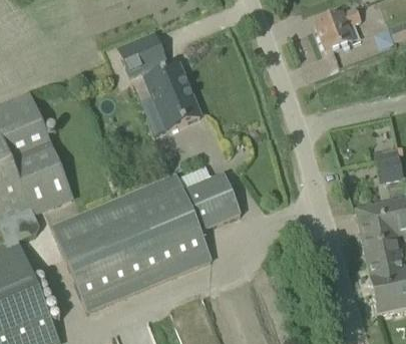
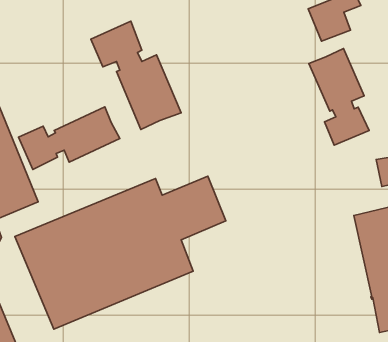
building: none -> [309,48,369,145]
building: none -> [18,107,120,170]

